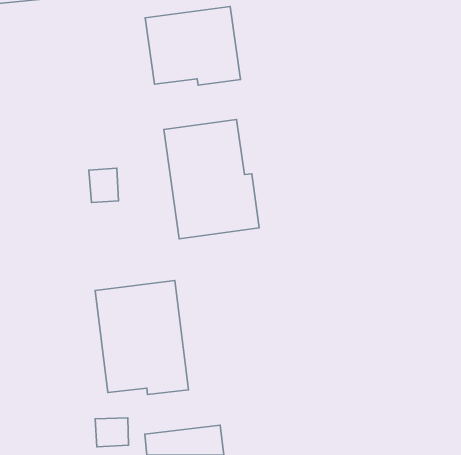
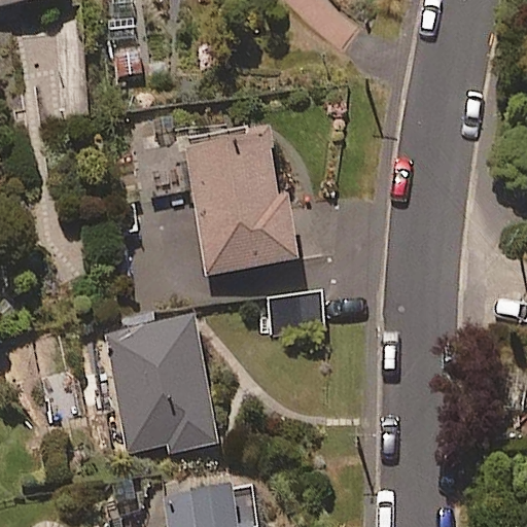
building: [145,6,240,85] -> none

